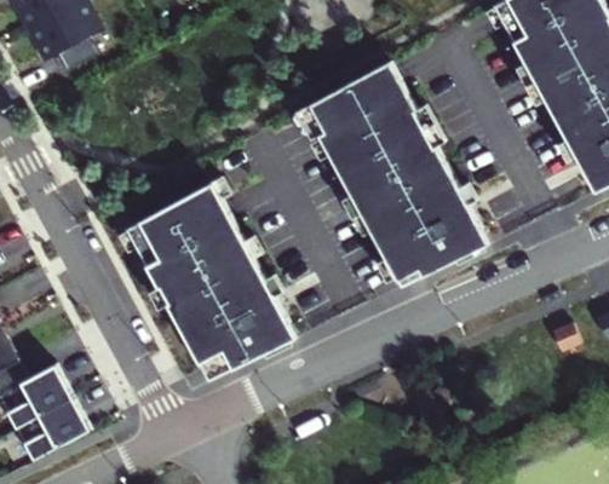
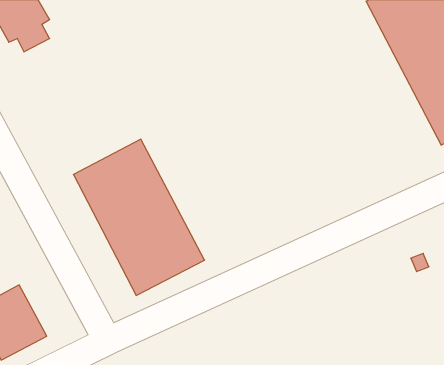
building: [306,65,489,286] -> none

